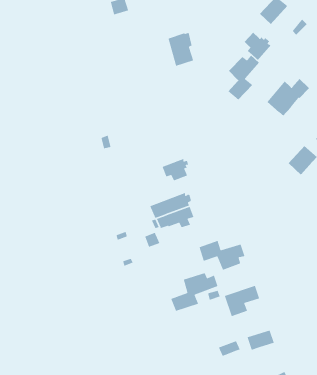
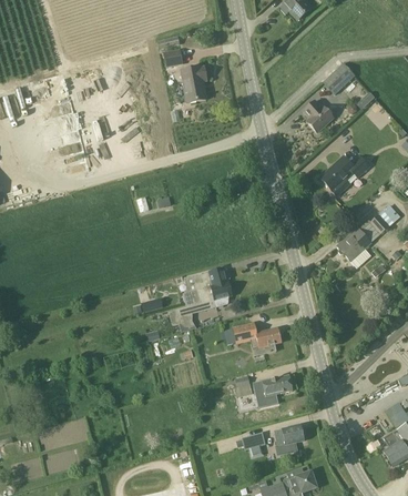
building: [167,32,194,67] -> [180,67,206,103]
building: [228,55,260,101] -> none
building: [161,158,189,182] -> none
building: [170,272,219,312] -> none

